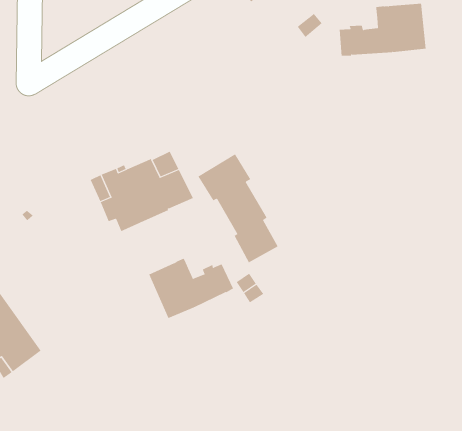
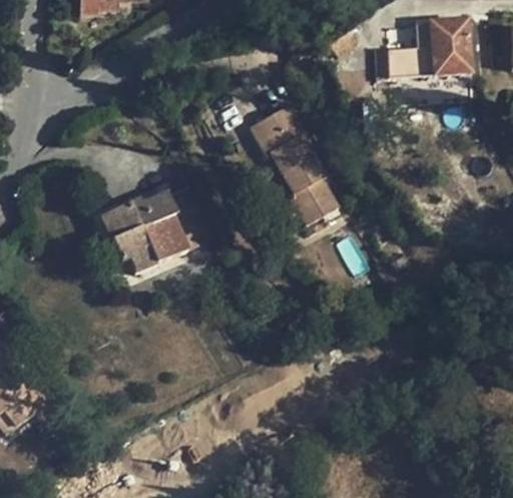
building: [197,154,279,263] -> [248,103,338,223]
building: [148,258,234,319] -> none

